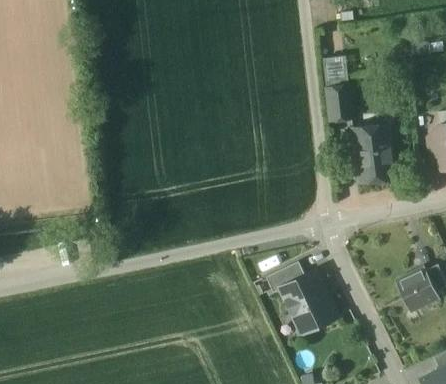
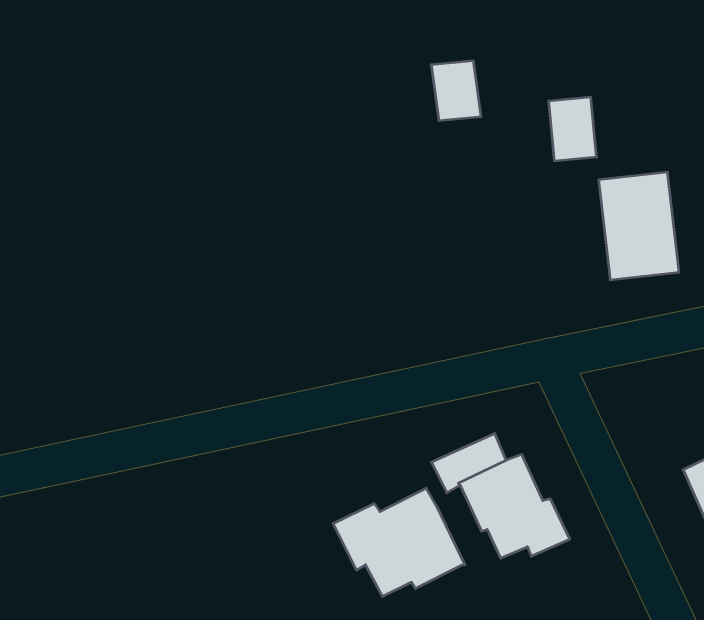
building: [322,58,348,89] -> [431,61,481,120]
building: none -> [333,488,465,597]

